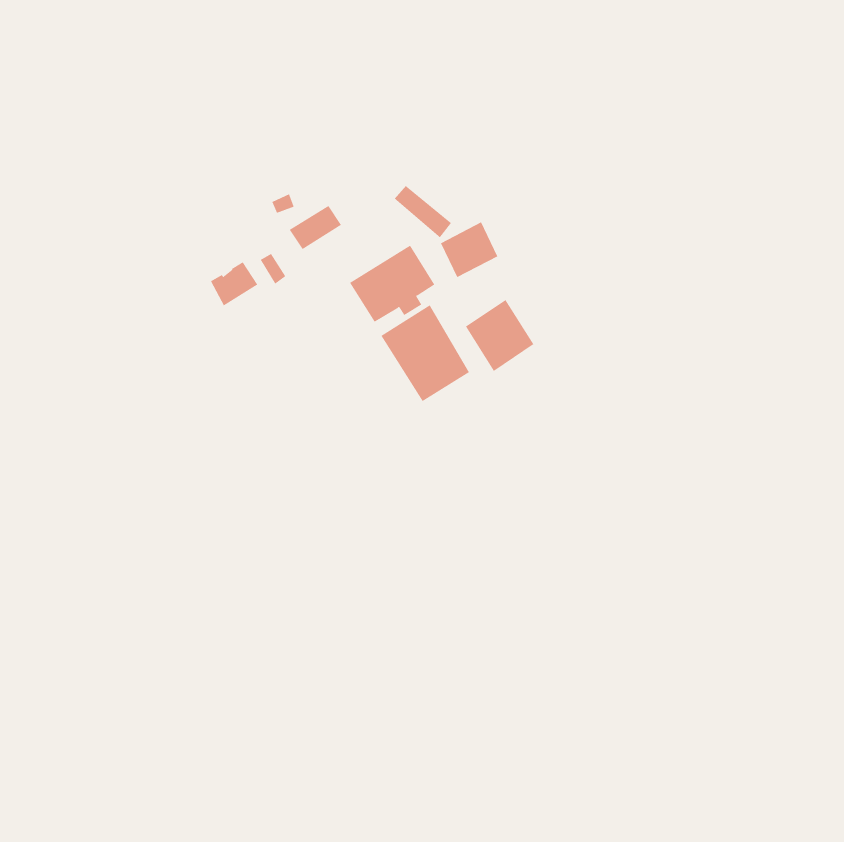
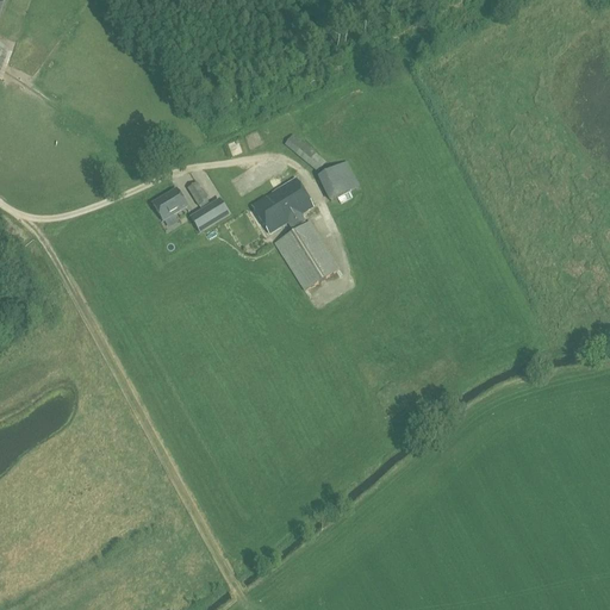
building: [289,205,342,250] -> [189,199,228,231]
building: [465,299,534,372] -> none

